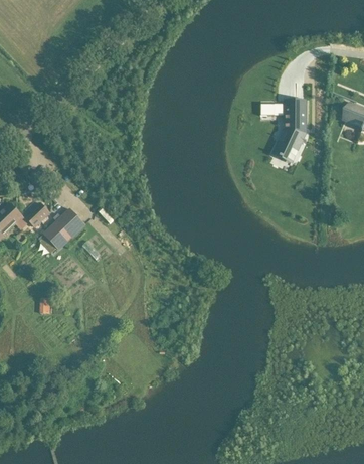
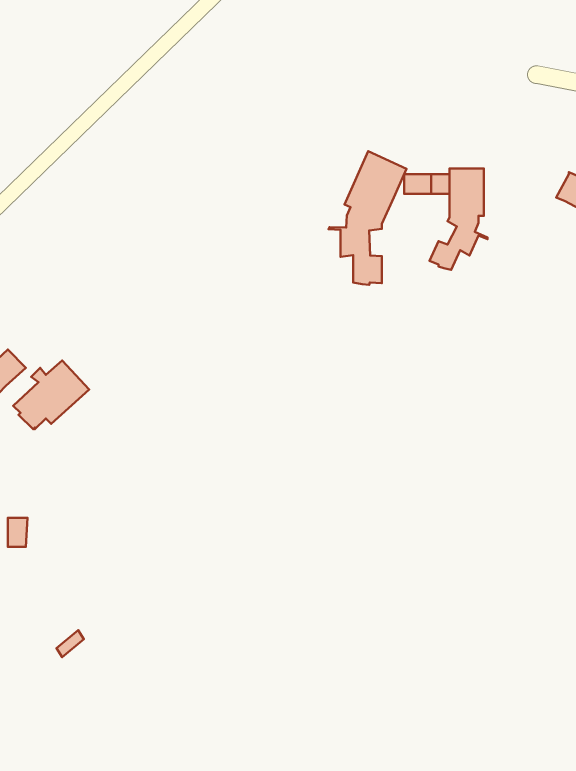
building: none -> [328,151,407,285]

